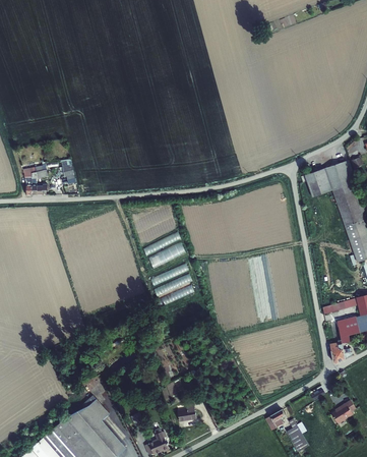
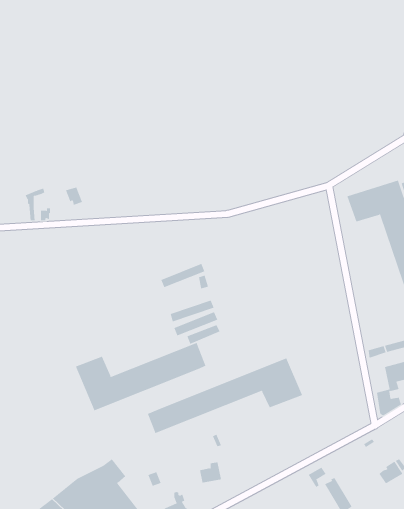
building: none -> [75,342,206,411]
building: none -> [147,358,303,434]

